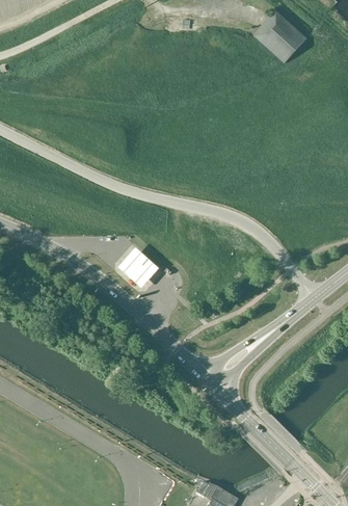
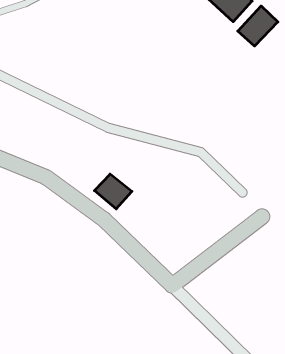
building: none -> [238,6,278,46]

